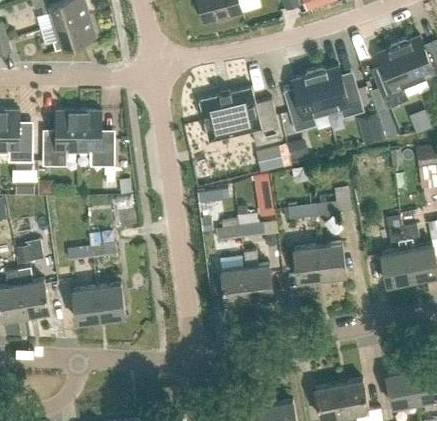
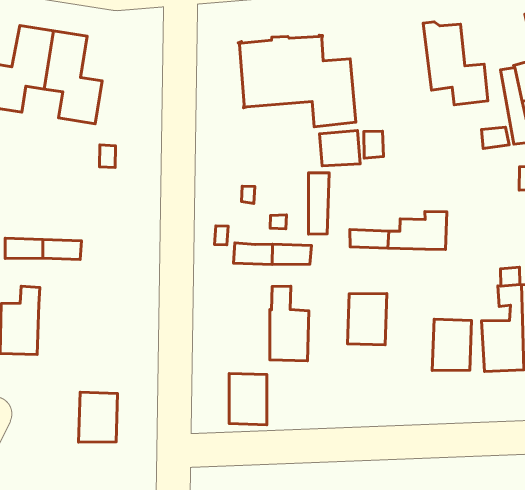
building: [287,69,325,132] -> none
building: [317,242,345,278] -> [432,319,472,371]
building: [220,267,249,302] -> [229,373,267,425]
building: [96,284,124,319] -> [79,392,118,442]

